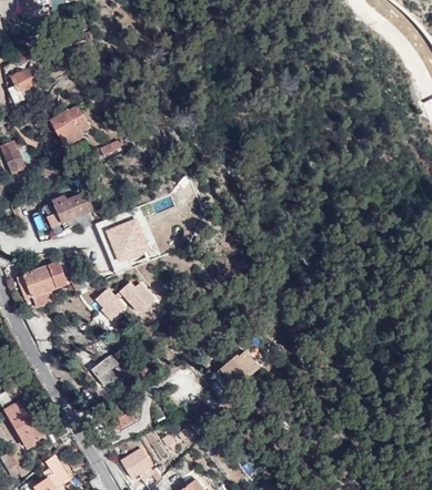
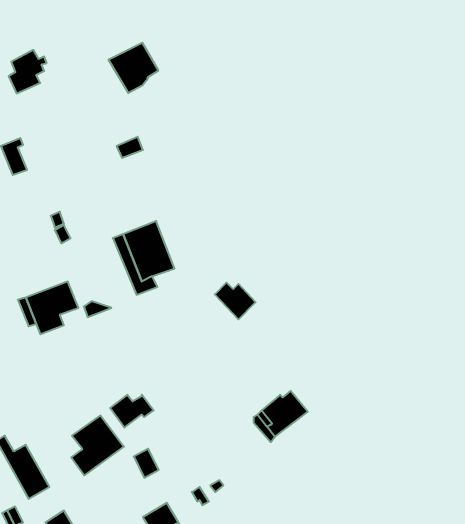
building: [49,106,91,149] -> [108,43,158,93]
building: [52,192,92,228] -> none
building: [119,282,153,313] -> [215,283,256,319]
building: [96,288,124,319] -> none
building: none -> [71,415,124,475]

